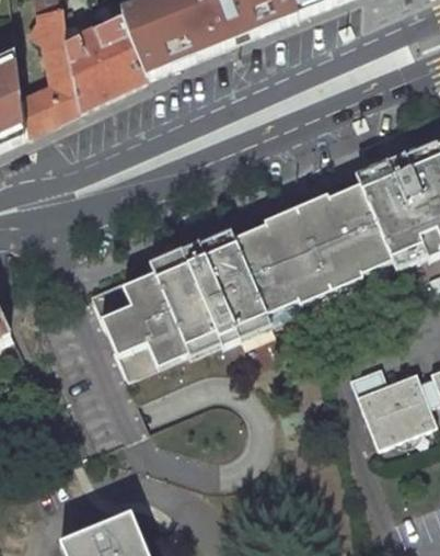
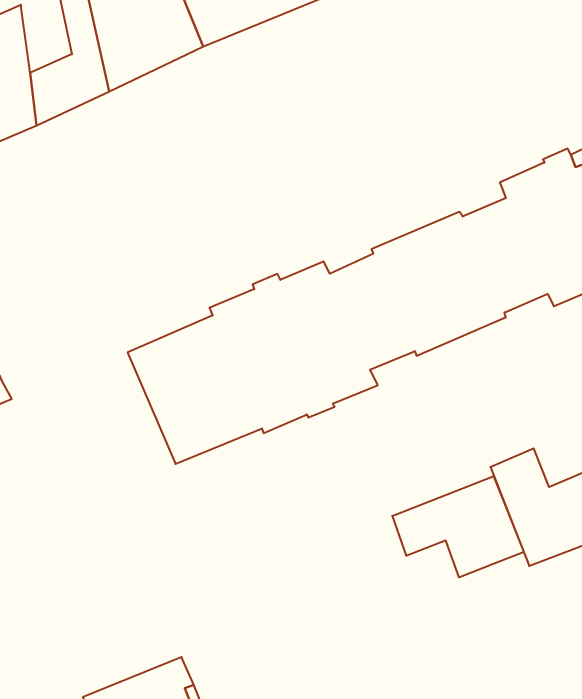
building: none -> [392,476,524,577]

